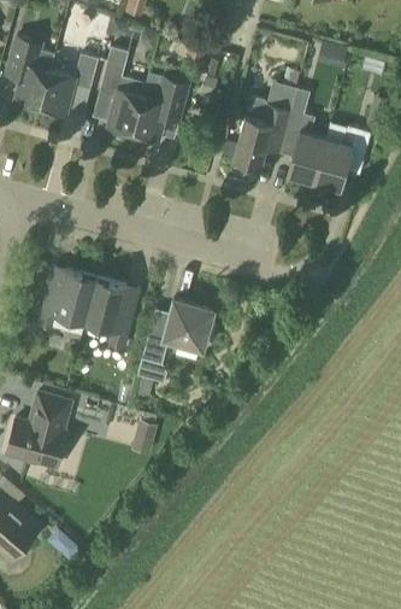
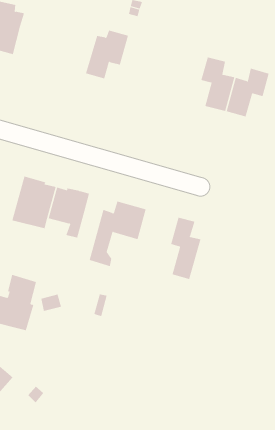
building: [99,48,147,134] -> none
building: [40,54,99,116] -> none
building: [234,86,296,174] -> none
building: none -> [171,217,201,280]

